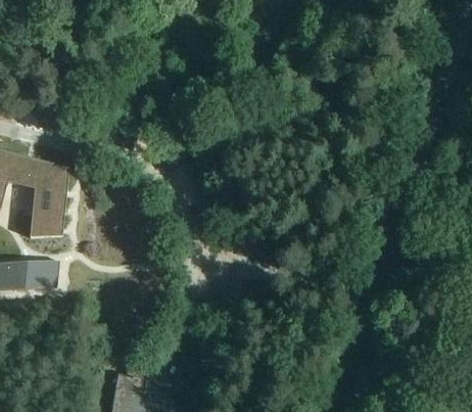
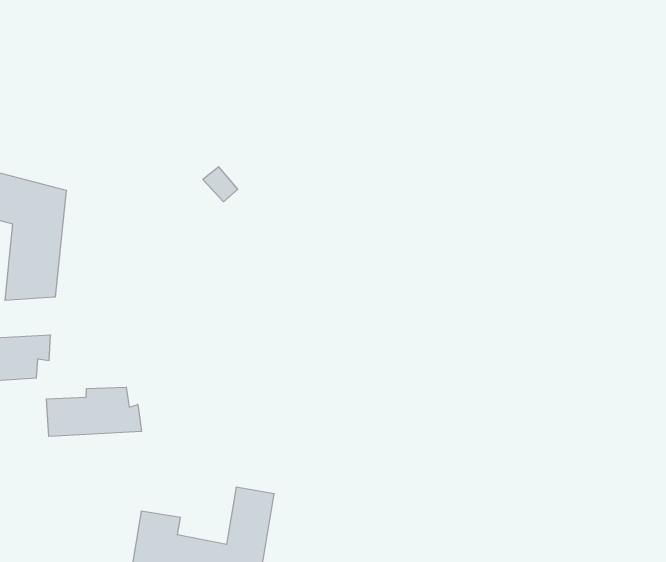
building: none -> [46,387,141,436]

